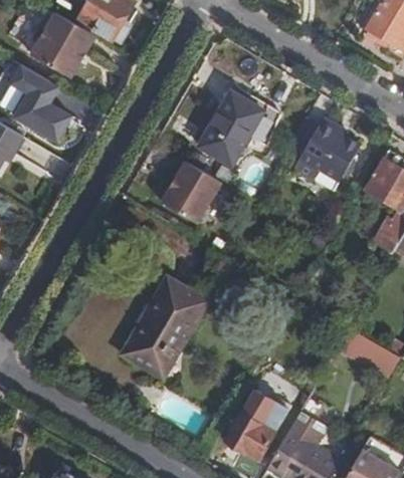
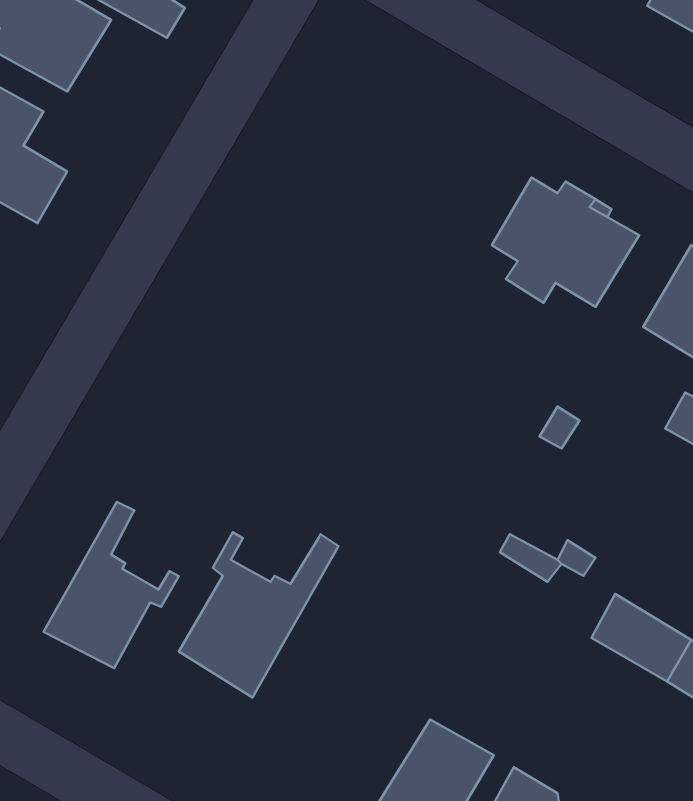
building: [200,90,261,163] -> none
building: [161,161,219,223] -> none
building: [156,279,200,321] -> none
building: none -> [43,502,179,668]

